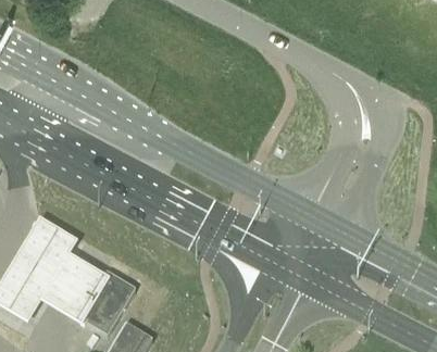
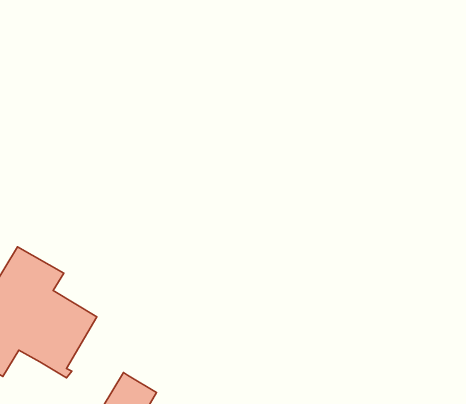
building: [78,269,136,334] -> none

